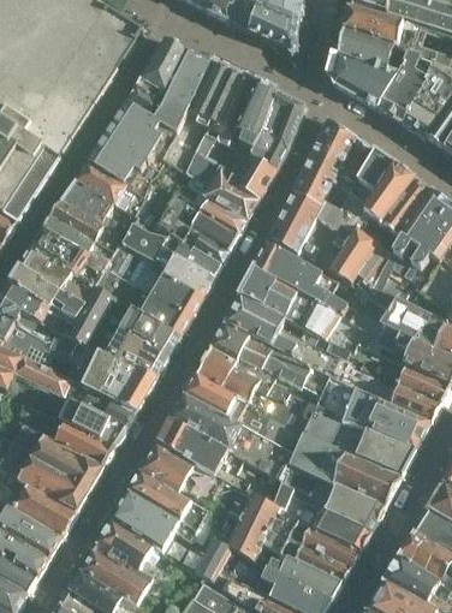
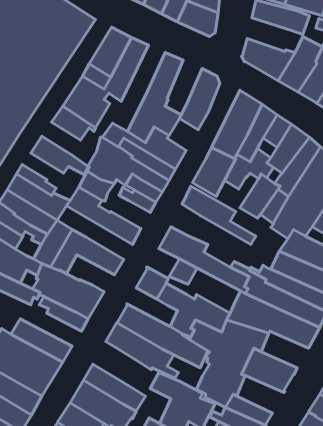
building: [338,26,396,70] -> none
building: [163,61,233,172] -> none
building: [236,81,280,150] -> none
building: [236,155,275,196] -> none
building: [76,160,145,215] -> none
building: [50,200,103,244] -> none
building: [148,246,214,296] -> none
building: [240,264,373,351] -> none
building: [95,267,191,335] -> none
building: [210,321,251,359] -> none
building: [107,329,168,376] -> none
building: [263,346,329,392] -> none
building: [184,371,246,418] -> none
building: [44,392,126,446] -> none
building: [356,427,416,474] -> none
building: [141,440,195,492] -> none
building: [325,483,385,531] -> none

